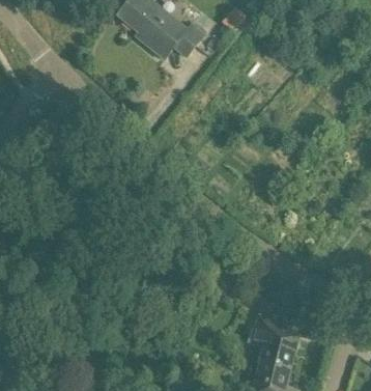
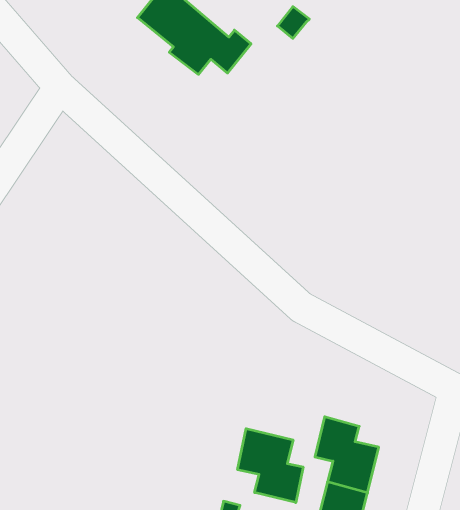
building: none -> [238,429,303,503]

